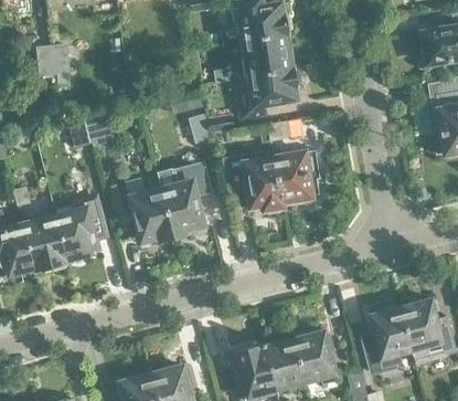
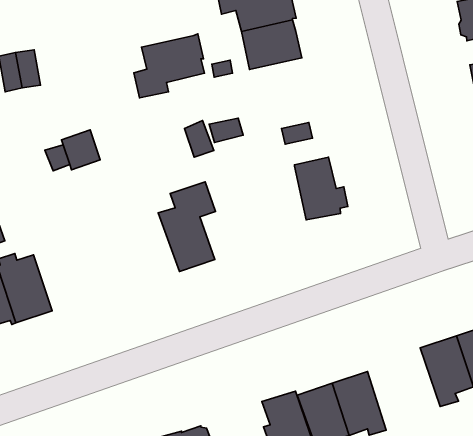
building: [237,66,296,116] -> [134,34,204,98]
building: [225,150,284,213] -> none
building: [127,177,175,246] -> none
building: [55,202,100,263] -> none

